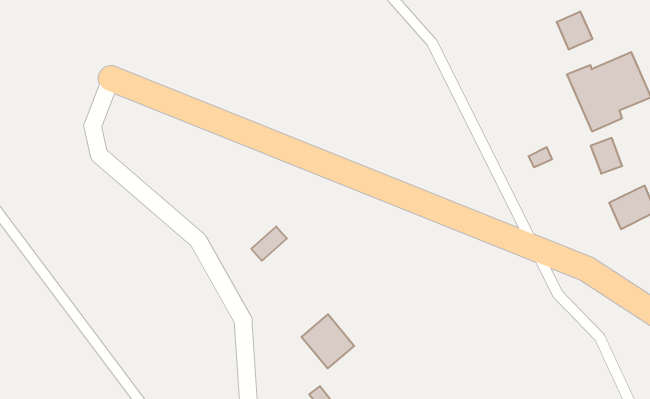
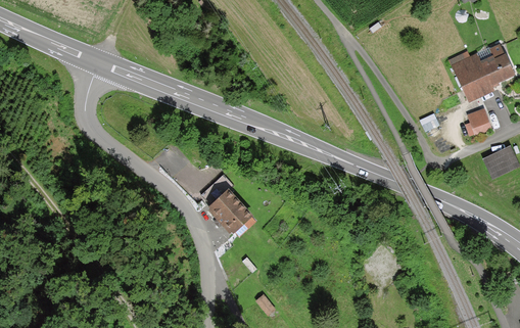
building: [557,11,592,50] -> none
building: [301,314,354,368] -> [208,199,249,241]

